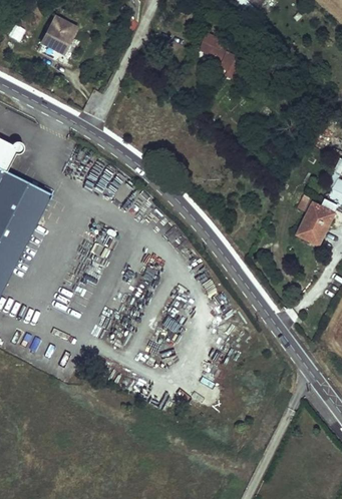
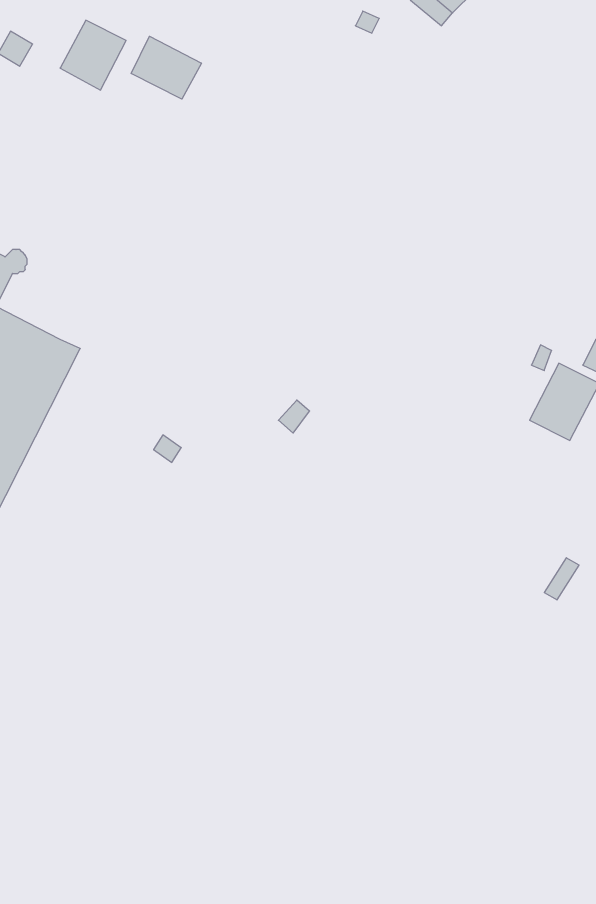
building: none -> [131,36,201,99]
building: [199,32,243,78] -> none

